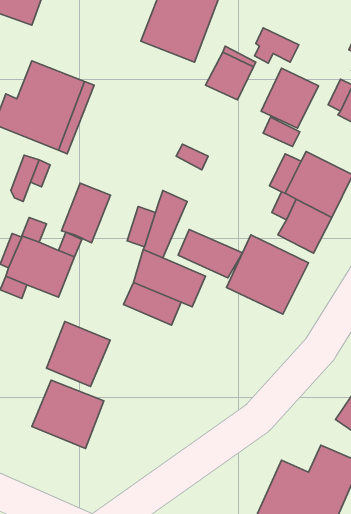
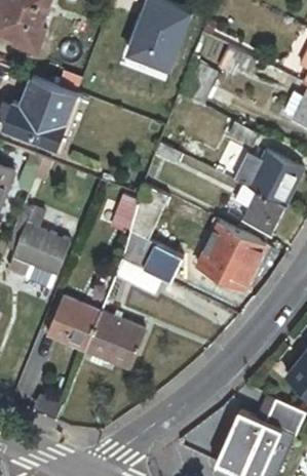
building: [261,68,318,128] -> none
building: [62,183,110,243] -> none
building: [178,229,243,278] -> none
building: [32,380,104,449] -> [82,310,143,367]

